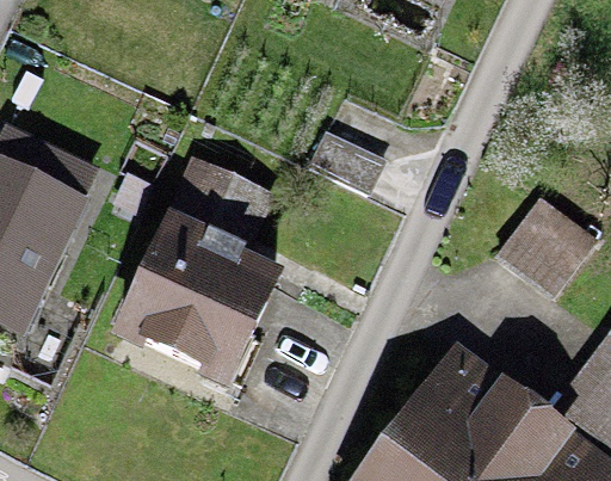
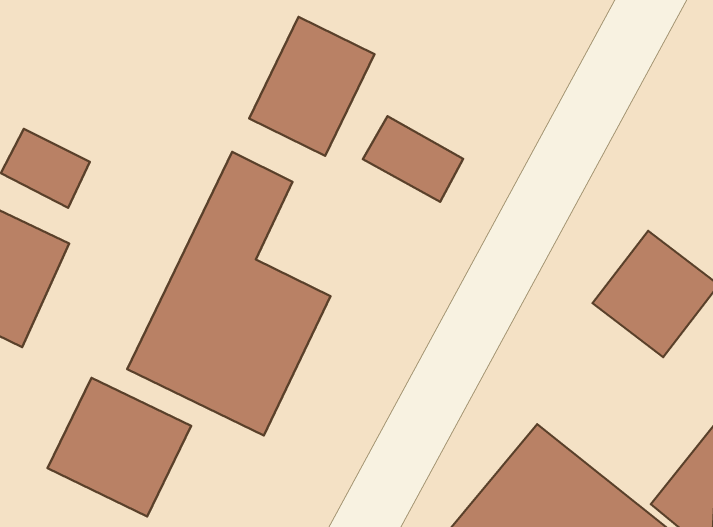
building: none -> [249,17,374,156]
building: none -> [47,378,191,517]

